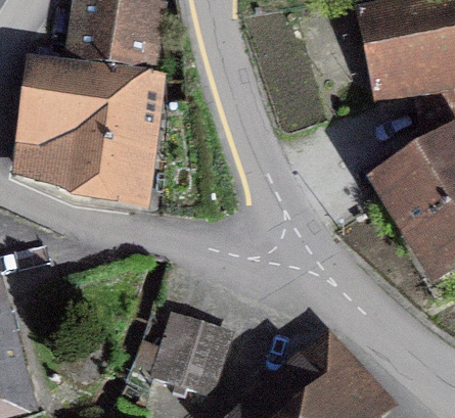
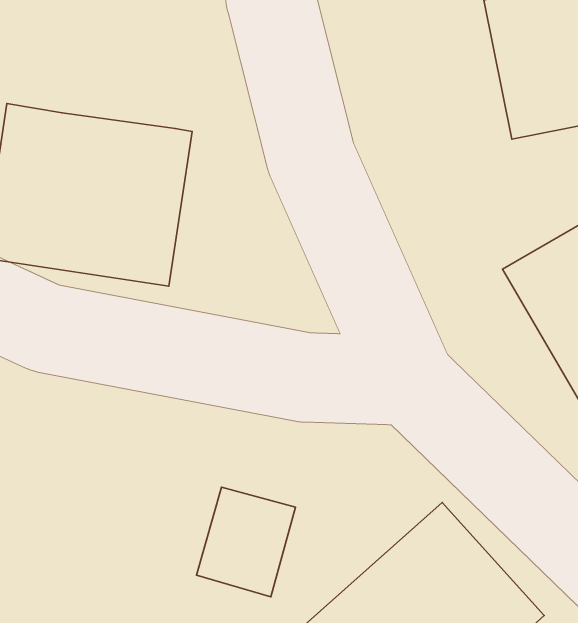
building: [77,5,162,86] -> none

